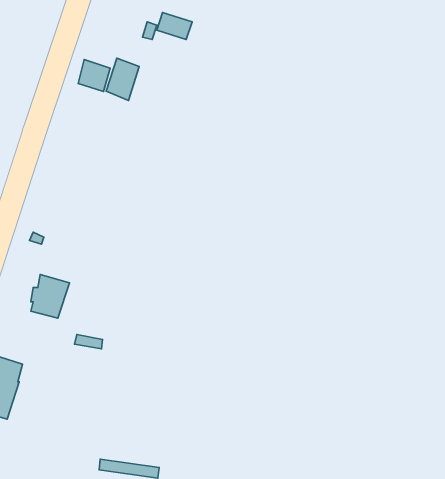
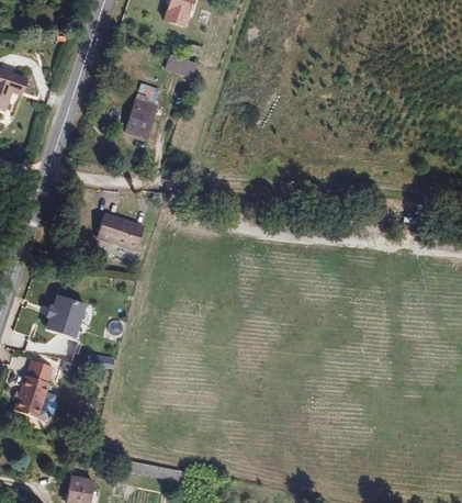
building: [78,59,110,91] -> none
building: none -> [91,211,137,247]

